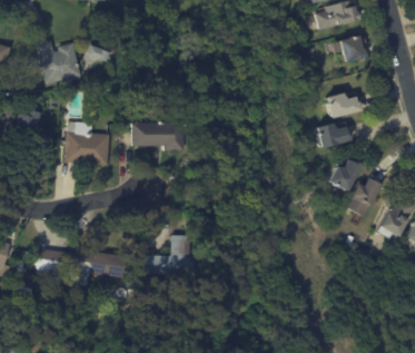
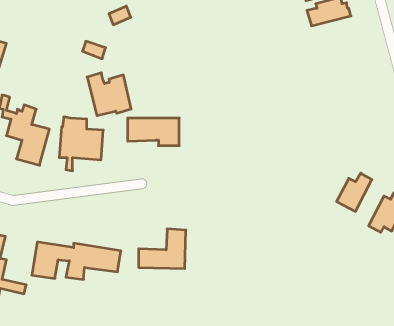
building: [329,35,365,61] -> none
building: [37,40,81,84] -> [87,73,131,116]
building: [326,94,360,118] -> none
building: [315,122,353,148] -> none
building: [330,158,363,192] -> none

